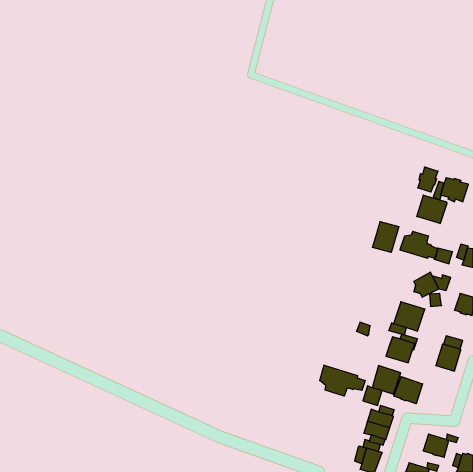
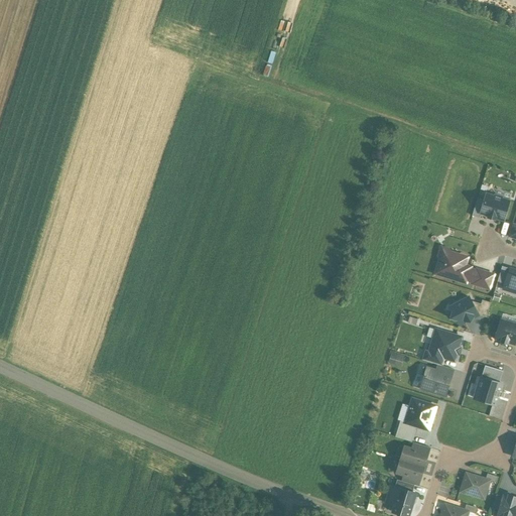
building: [418,167,438,192] -> none
building: [417,195,447,224] -> none
building: [372,222,399,252] -> none
building: [320,365,365,396] -> none
building: [394,377,423,404] -> none

